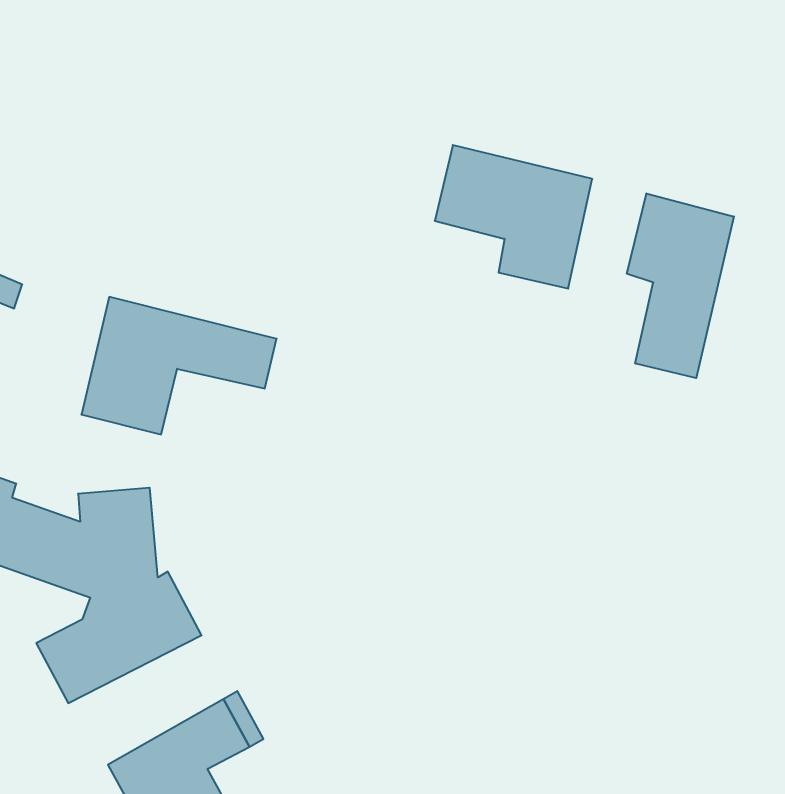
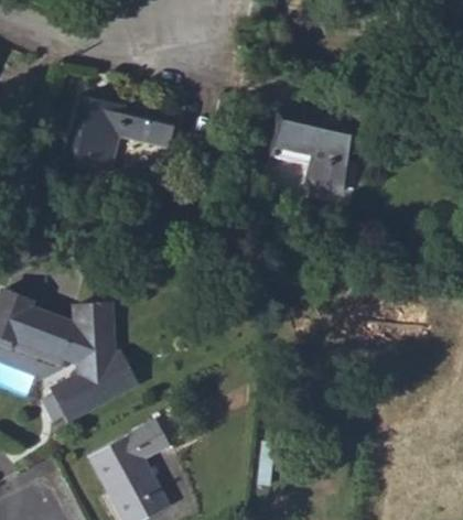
building: [627,193,734,378] -> none
building: [81,297,277,434] -> [66,98,174,174]

